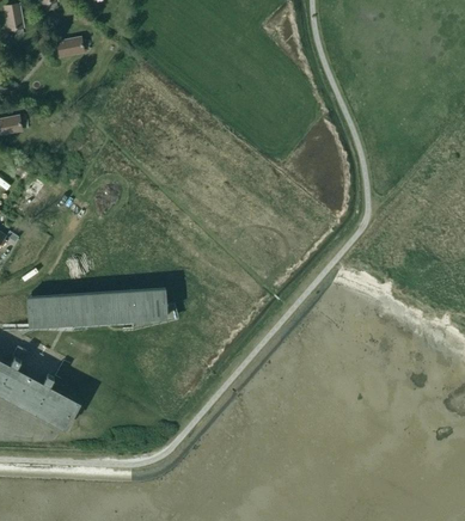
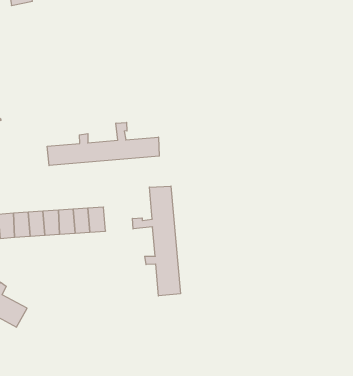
building: none -> [47,122,159,166]
building: none -> [132,186,180,296]

